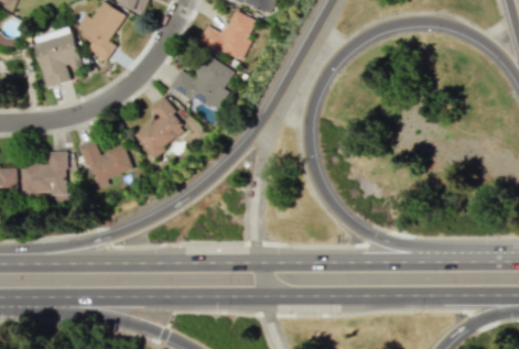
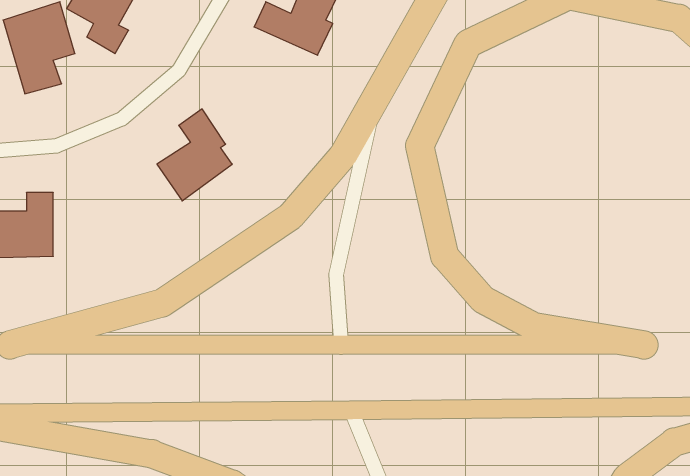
building: [169,55,235,112] -> none
building: [78,140,131,189] -> none

